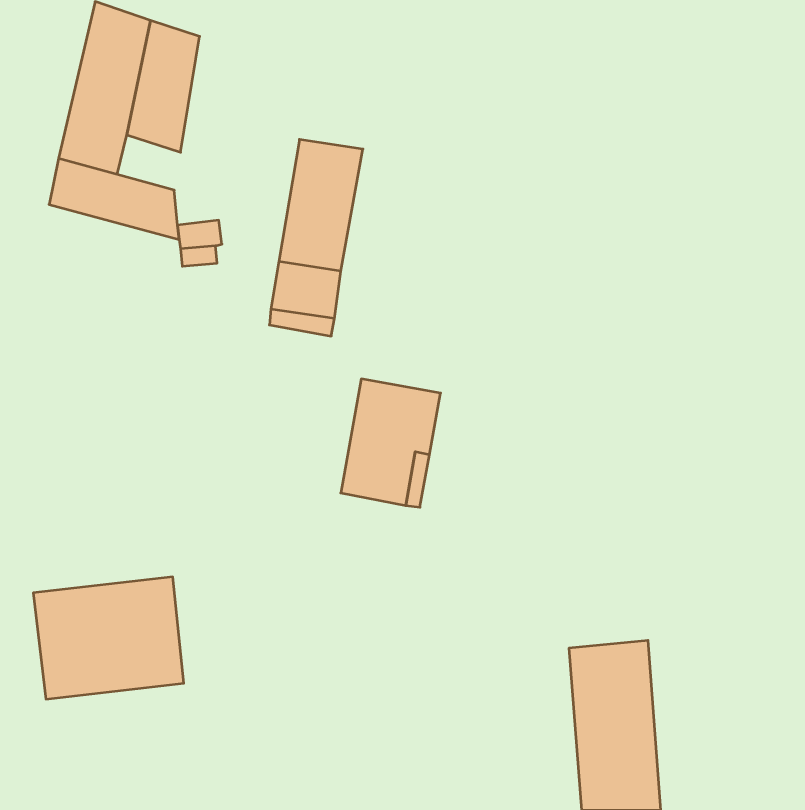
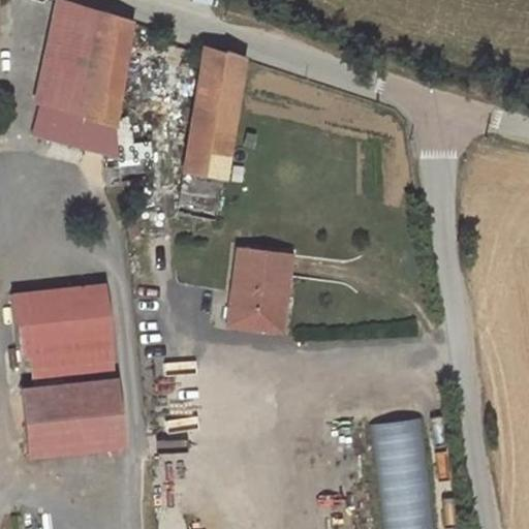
building: none -> [198,48,246,97]
building: none -> [80,88,121,124]
building: none -> [14,284,116,386]

